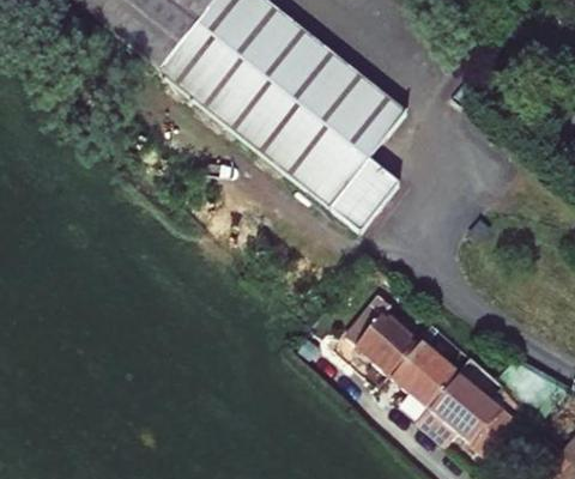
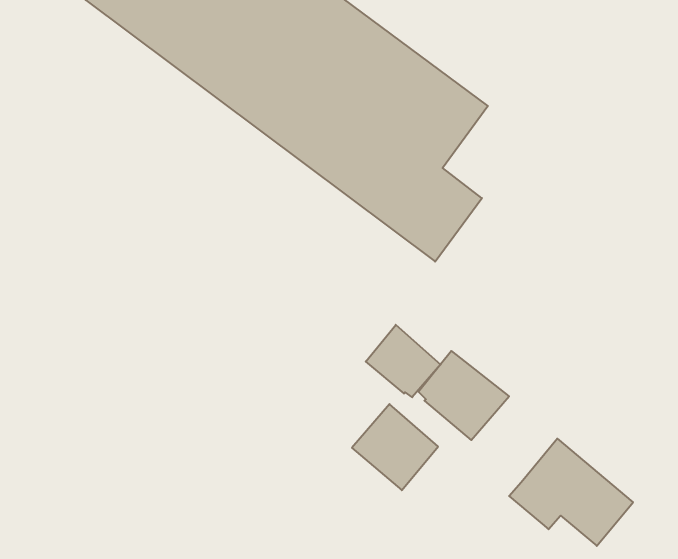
building: none -> [366,325,441,397]
building: [389,334,458,402] -> [352,404,438,490]

